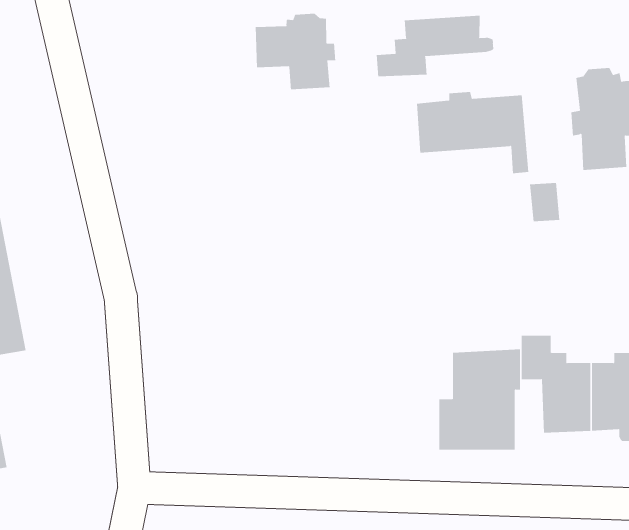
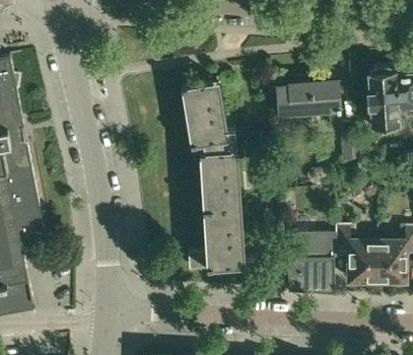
building: [255,13,336,90] -> none
building: [376,15,494,77] -> none
building: none -> [184,84,238,270]

